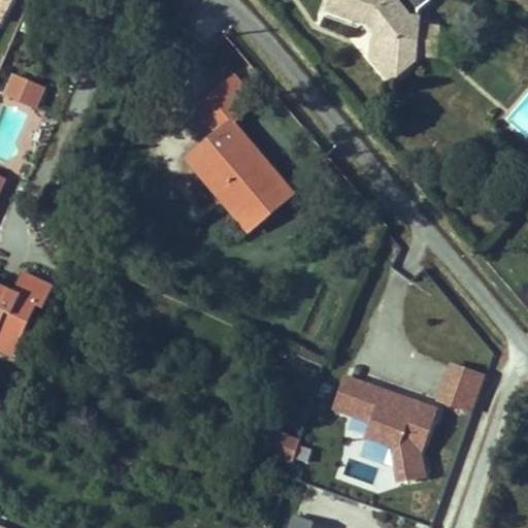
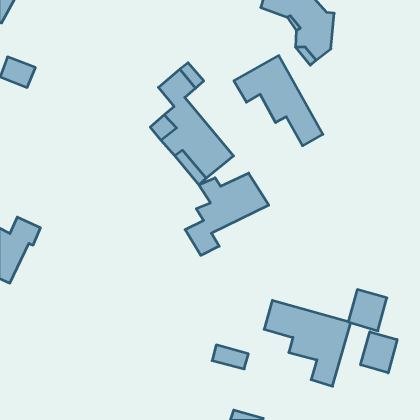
building: none -> [234,56,323,146]
building: none -> [185,173,269,255]
building: none -> [361,332,397,373]

